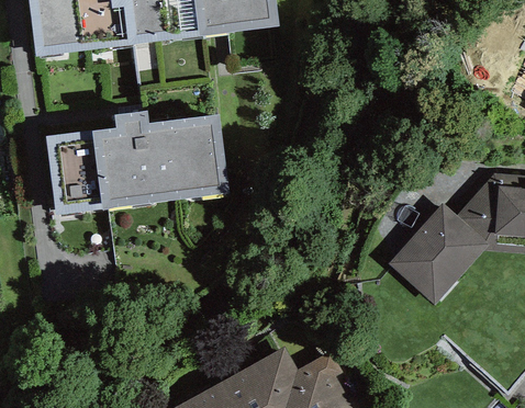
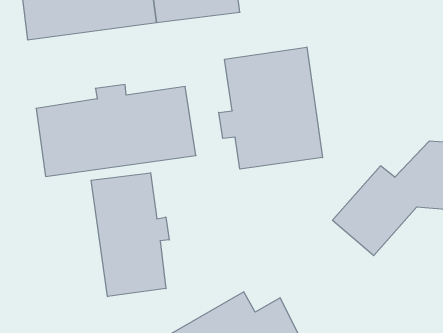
building: none -> [219,47,322,169]
building: none -> [91,173,169,297]

